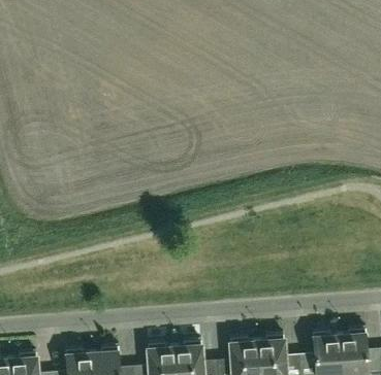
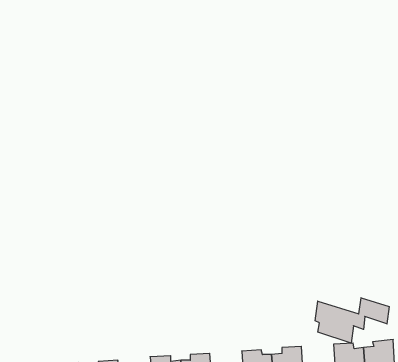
building: none -> [315,298,389,343]

